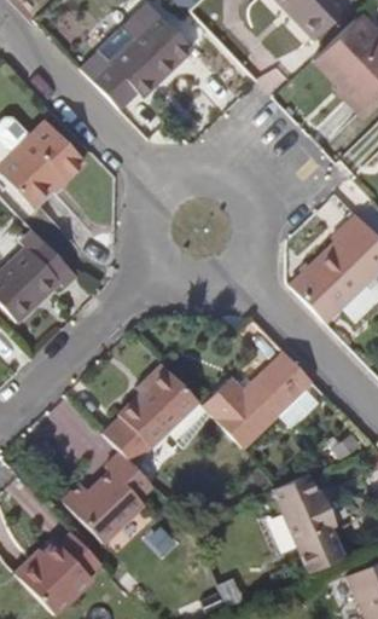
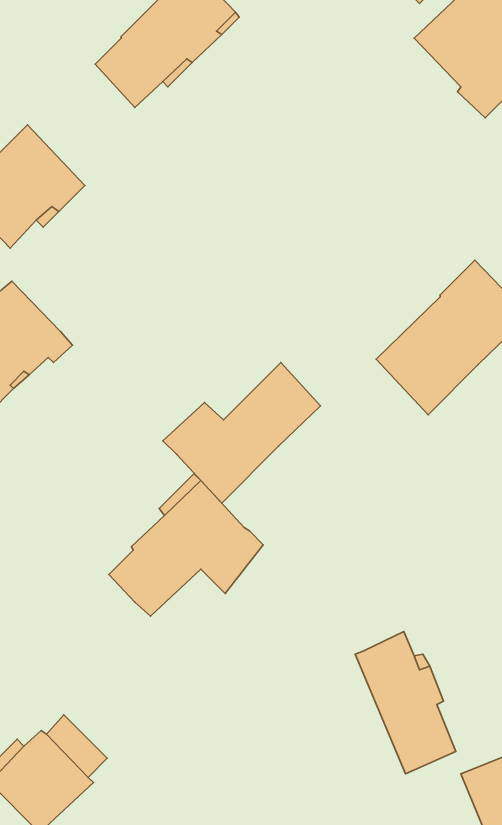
building: [200,349,310,447] -> [163,363,321,503]
building: [64,453,152,543] -> none

